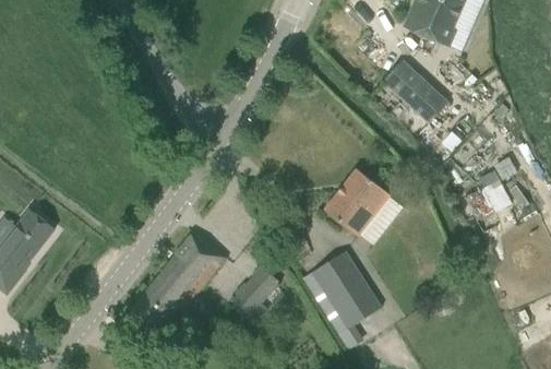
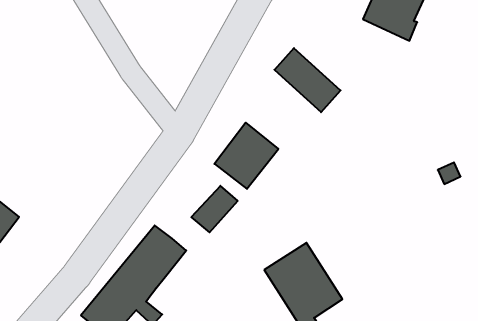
building: [383,60,450,124] -> [274,48,341,112]
building: [325,169,390,236] -> [214,123,278,189]
building: [232,267,279,314] -> [191,186,238,232]

